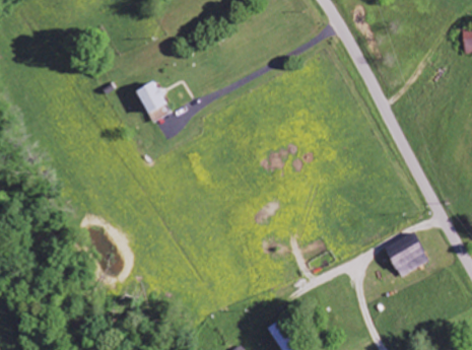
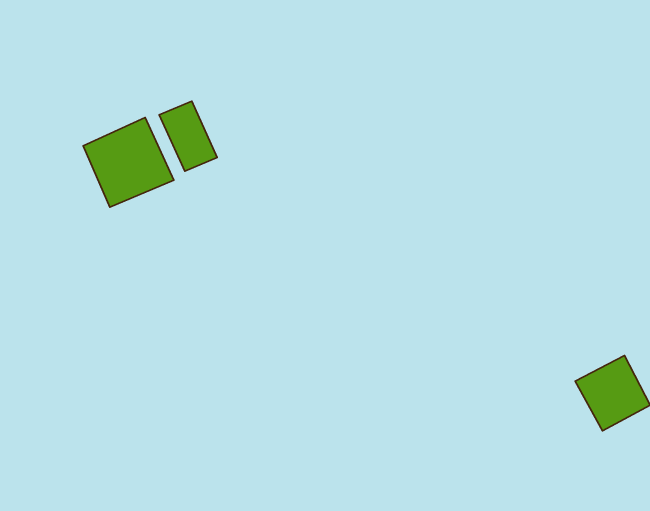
building: none -> [83,117,174,207]

